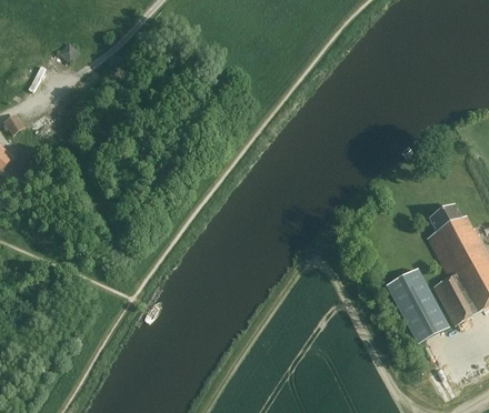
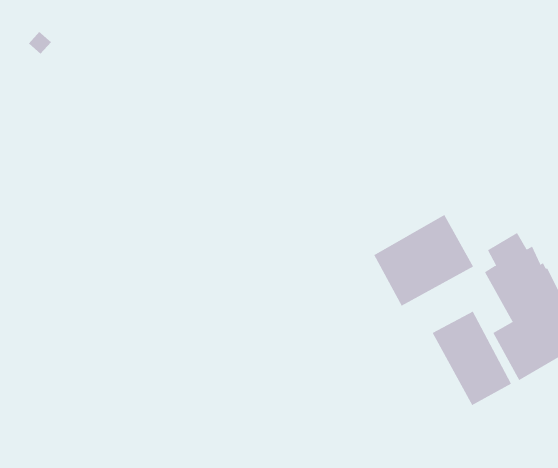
building: none -> [373,214,474,306]

